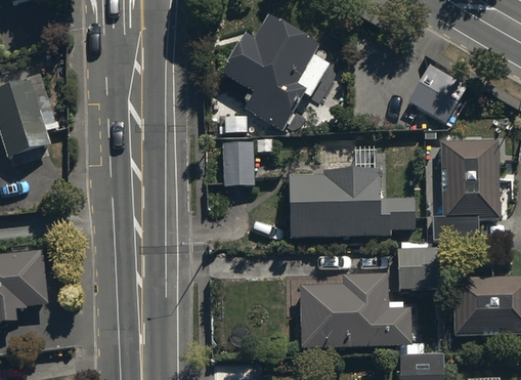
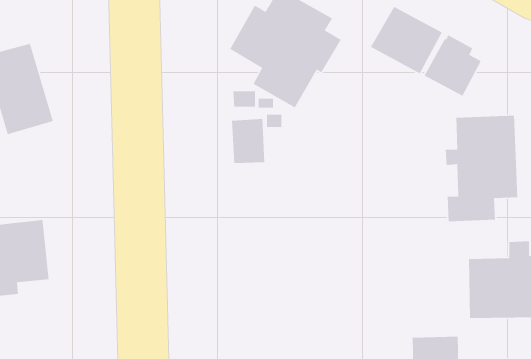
building: none -> [370,6,443,74]
building: [289,146,415,241] -> none
building: [397,247,437,289] -> none
building: [300,275,411,351] -> none

